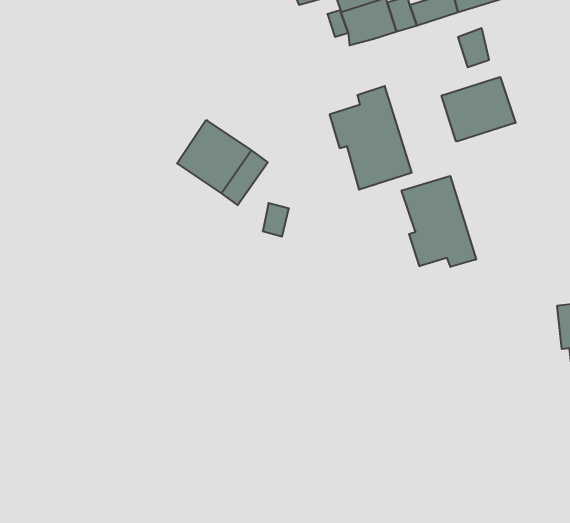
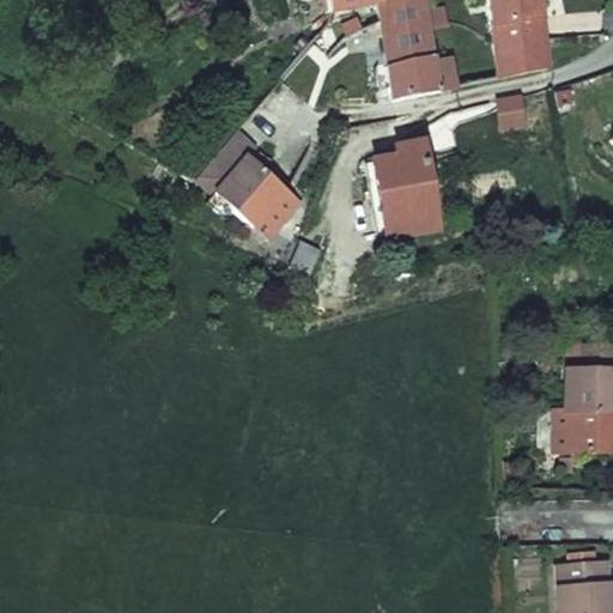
building: [442,77,516,141] -> none
building: none -> [196,131,255,192]
building: [402,176,476,267] -> none

